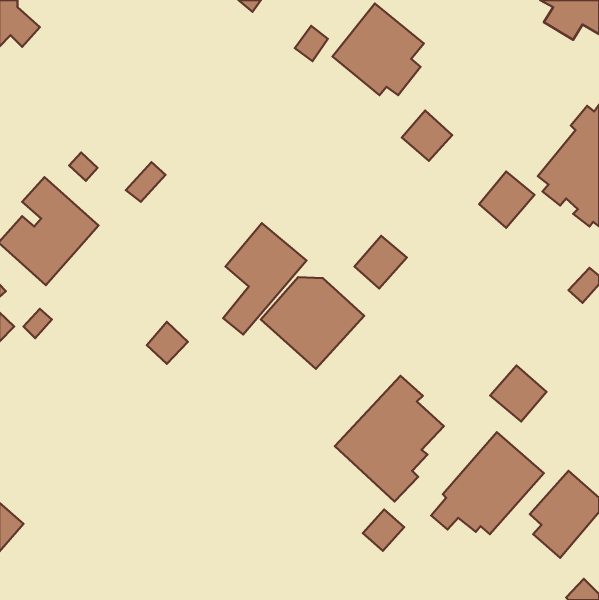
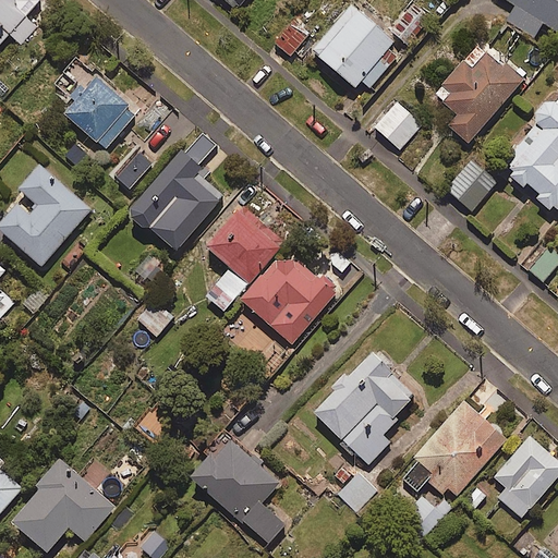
building: none -> [430,41,520,144]
building: none -> [64,74,138,148]
building: none -> [130,133,225,251]
building: [354,236,407,289] -> none
building: [490,365,546,422] -> none
building: none -> [193,436,287,544]
building: none -> [12,459,117,550]

